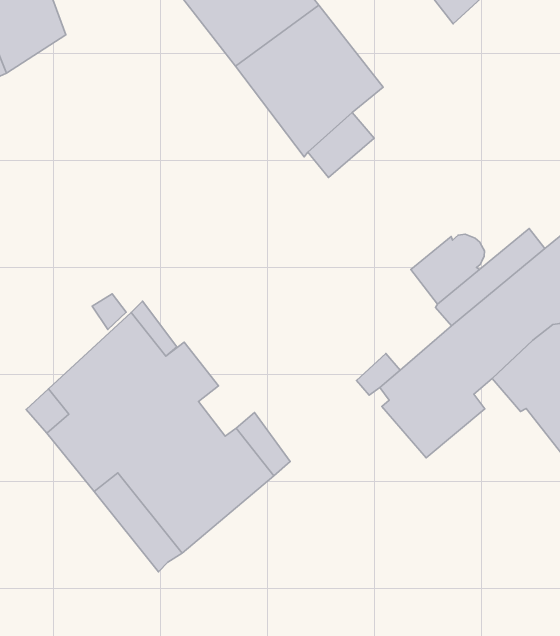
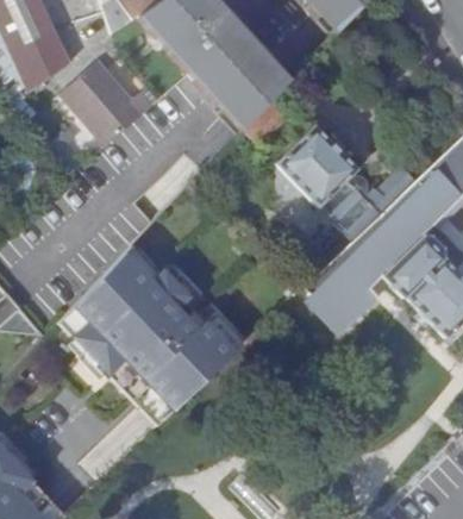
building: none -> [60,62,150,148]
building: none -> [277,125,358,205]

